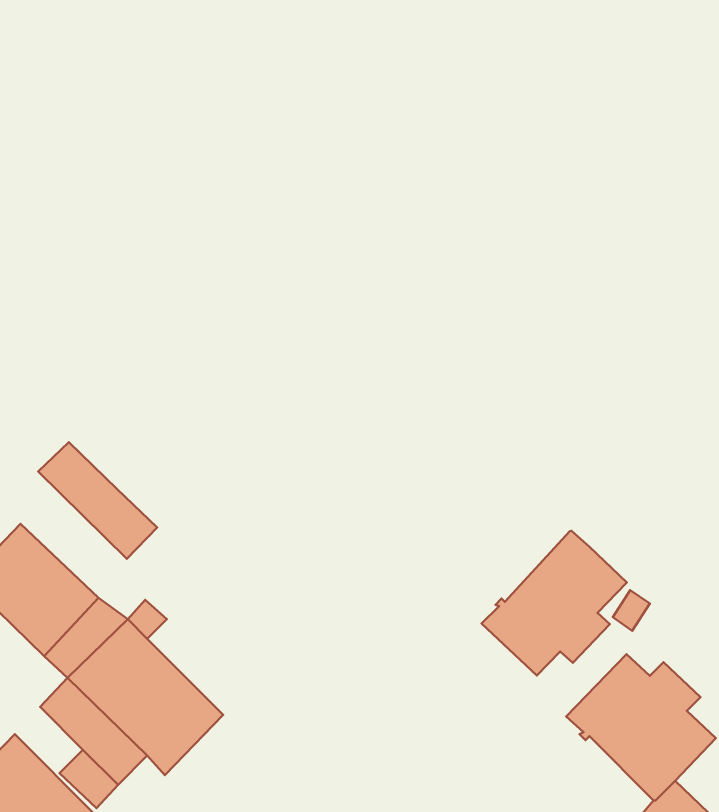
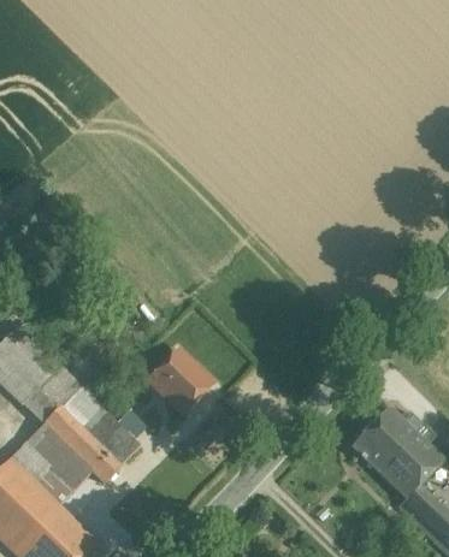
building: [38,442,157,559] -> none
building: [482,531,627,675] -> none
building: none -> [149,349,213,413]

